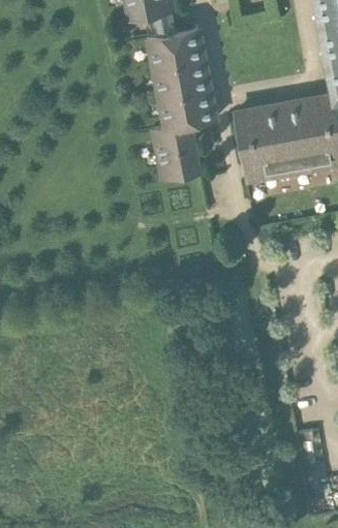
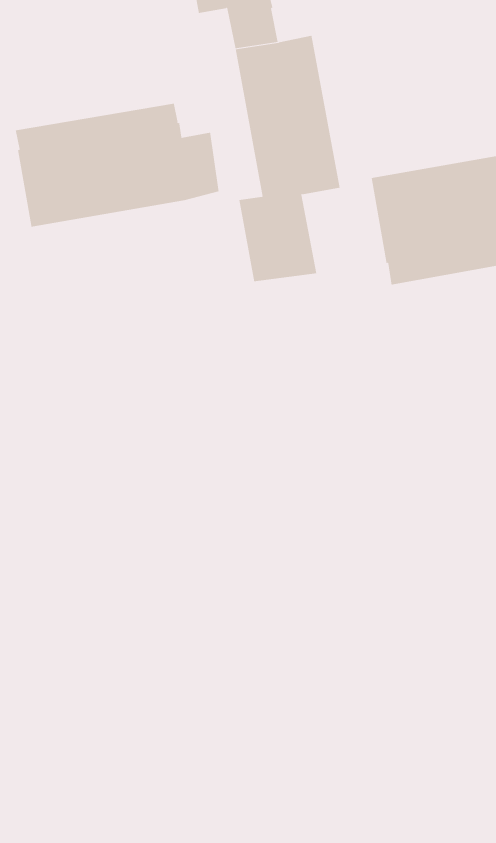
building: none -> [15,103,219,227]

